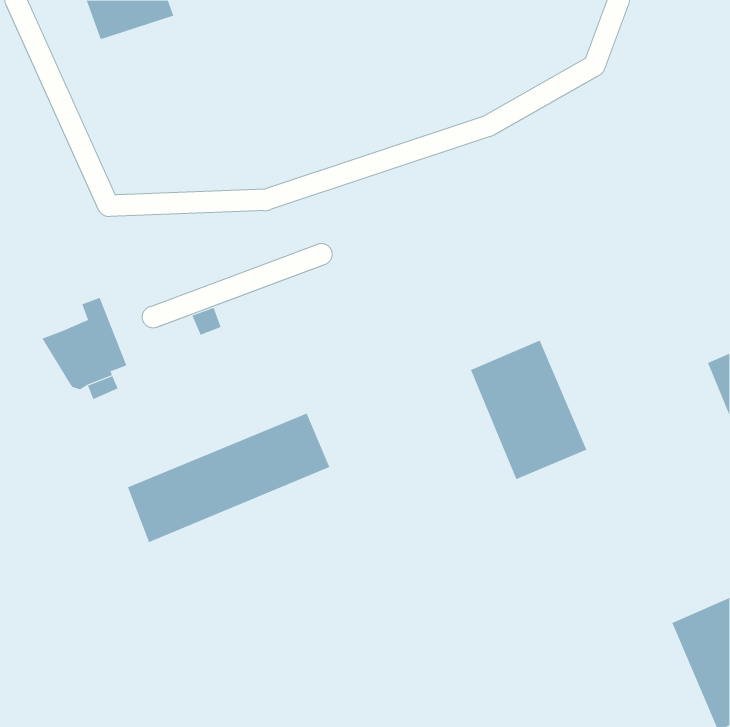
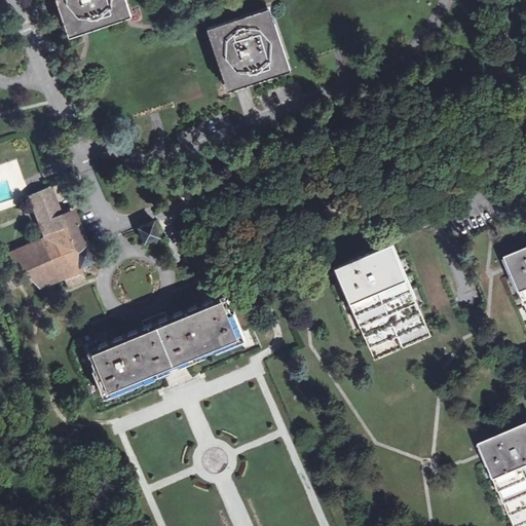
building: none -> [213,13,285,86]
building: none -> [28,190,63,240]
building: none -> [4,246,49,285]

